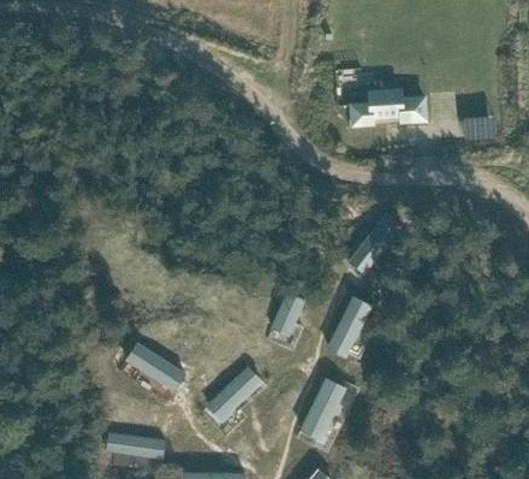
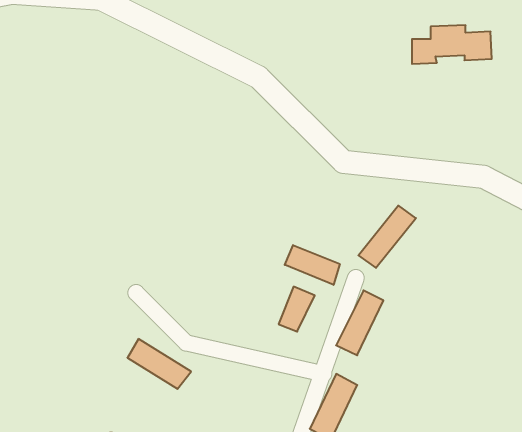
building: [350,89,427,126] -> [412,25,492,64]
building: none -> [285,245,340,285]
building: [206,366,262,422] -> none

